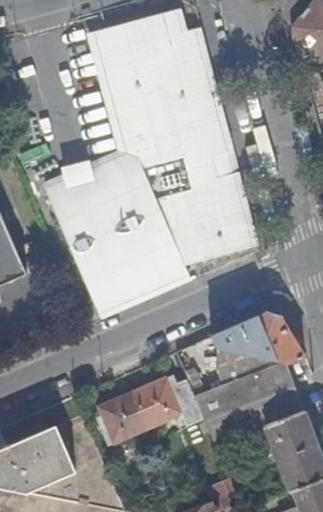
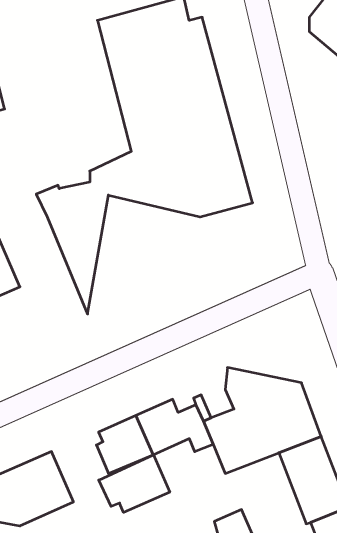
building: [90,189,254,313] -> none
building: [212,312,304,362] -> none
building: none -> [99,455,170,512]

